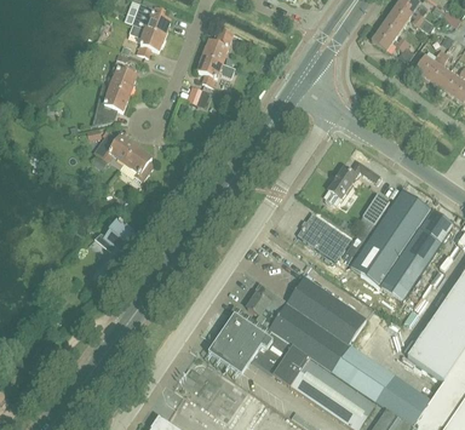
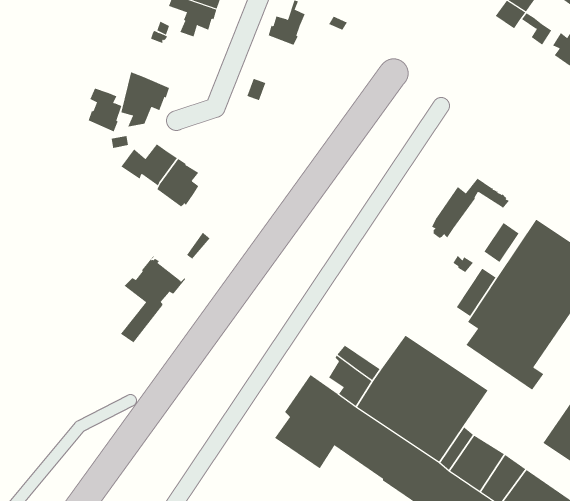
building: [199,55,235,85] -> none
building: [111,61,137,93] -> [88,88,122,132]
building: [298,212,351,260] -> none

